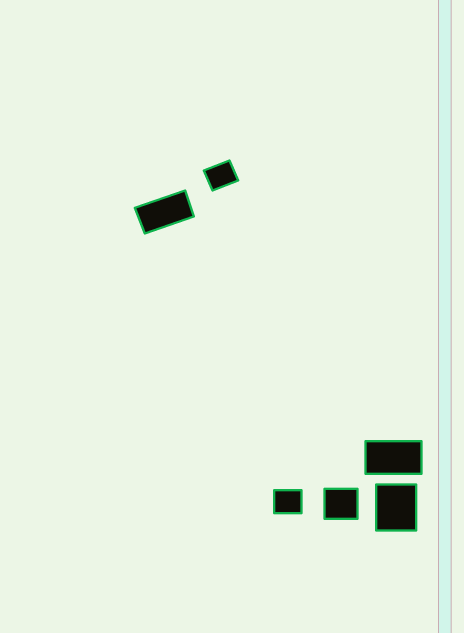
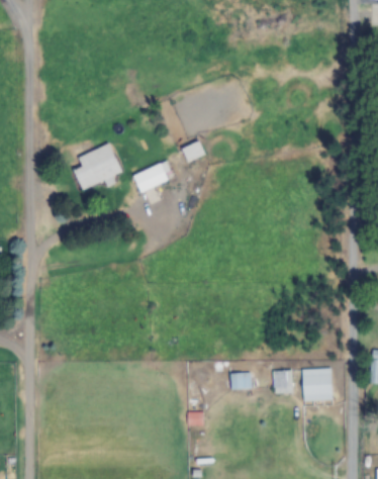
building: none -> [74,142,123,191]
building: [365,441,421,474] -> none

